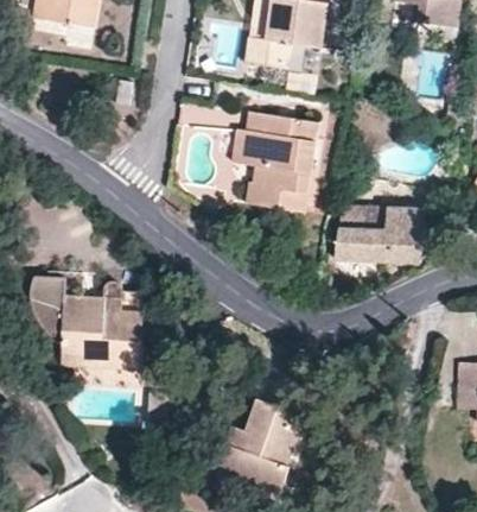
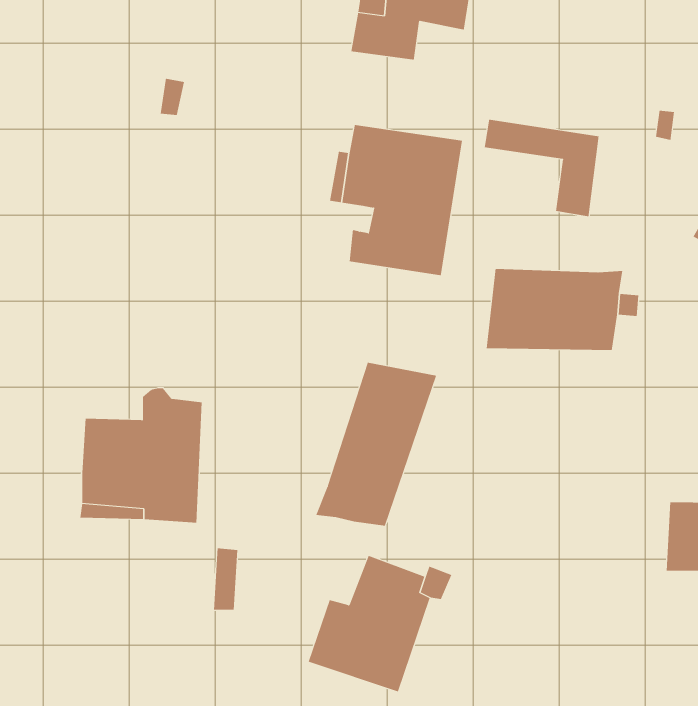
building: none -> [484,119,599,217]
building: none -> [315,362,437,526]
building: [32,283,68,343] -> none

